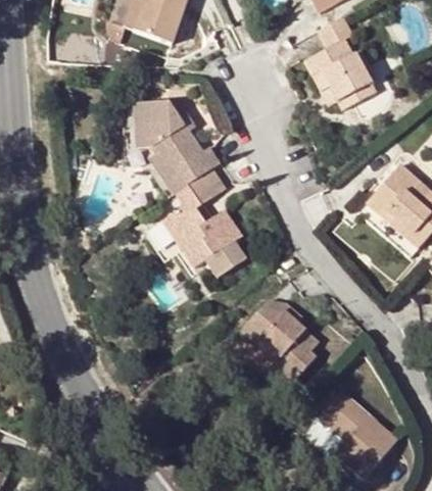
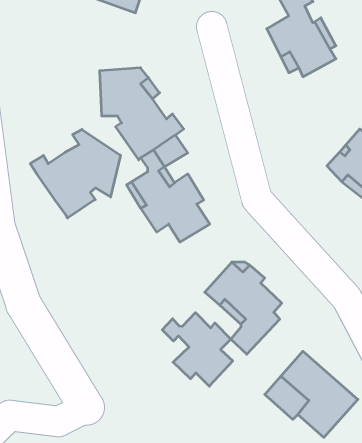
building: none -> [30,129,120,218]
building: none -> [162,313,233,386]

